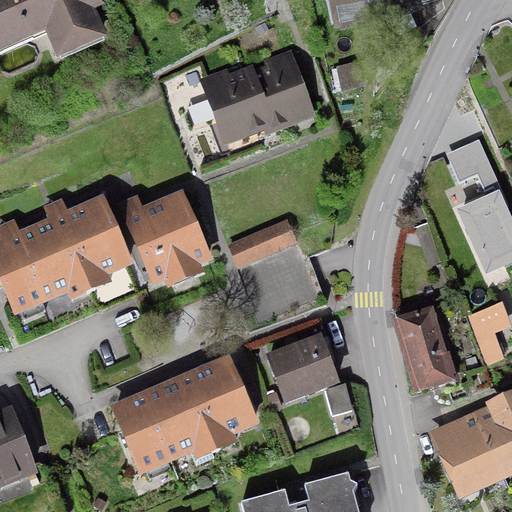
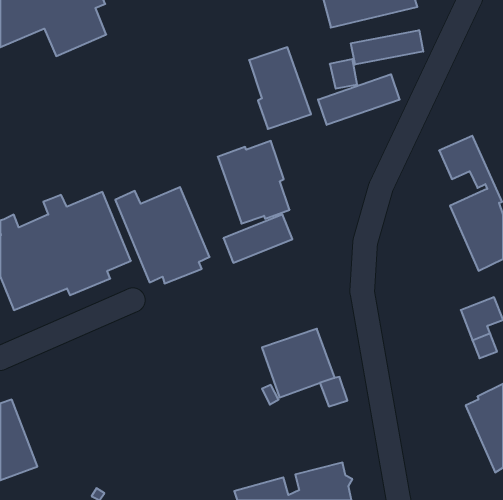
building: none -> [351,30,423,65]
building: [199,61,272,145] -> [218,141,290,224]
building: none -> [318,74,400,125]
building: [392,298,461,394] -> none
building: [110,355,259,476] -> none
building: [428,412,503,500] -> none

